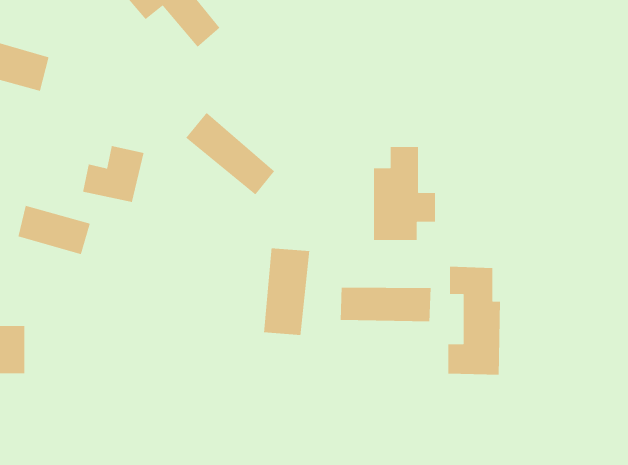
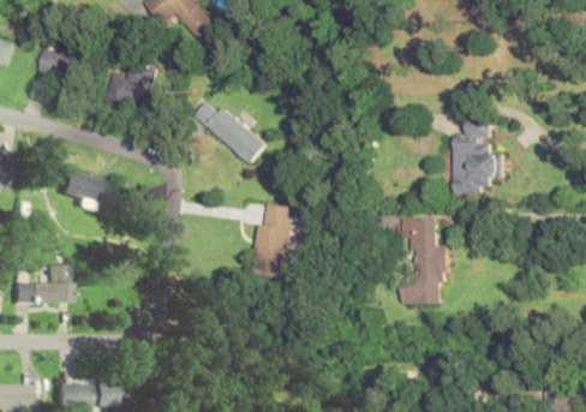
building: [82,145,145,203] -> [107,61,156,107]
building: [373,146,436,241] -> [454,119,503,193]
building: [340,287,431,322] -> none

